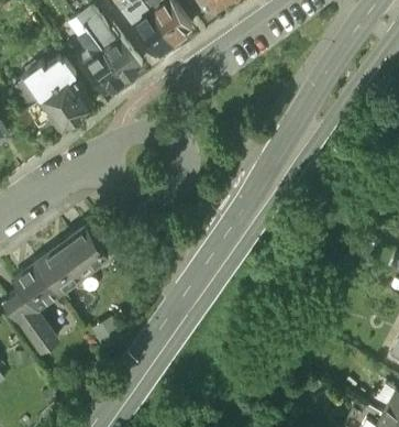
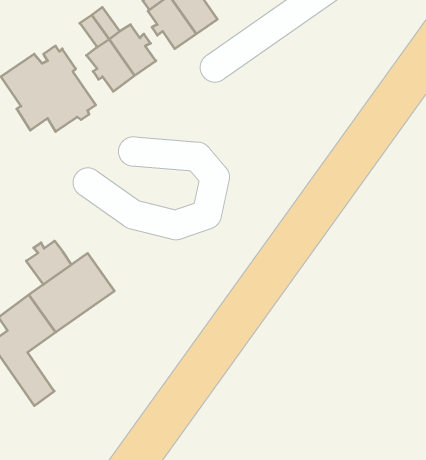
building: none -> [26,241,71,285]

